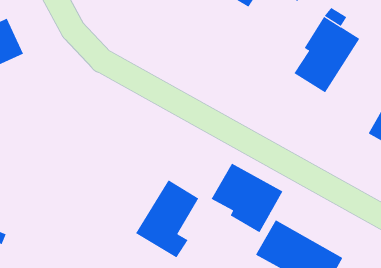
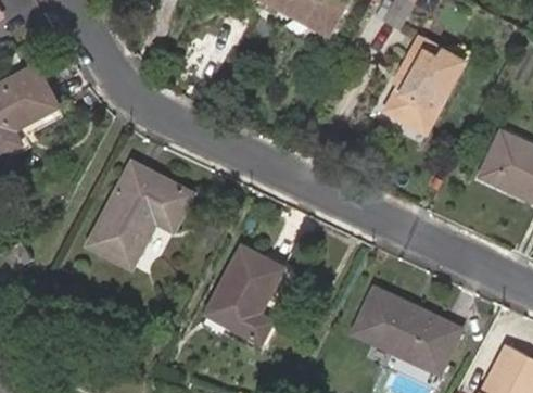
building: none -> [88,164,191,267]
building: [211,163,283,233] -> none

